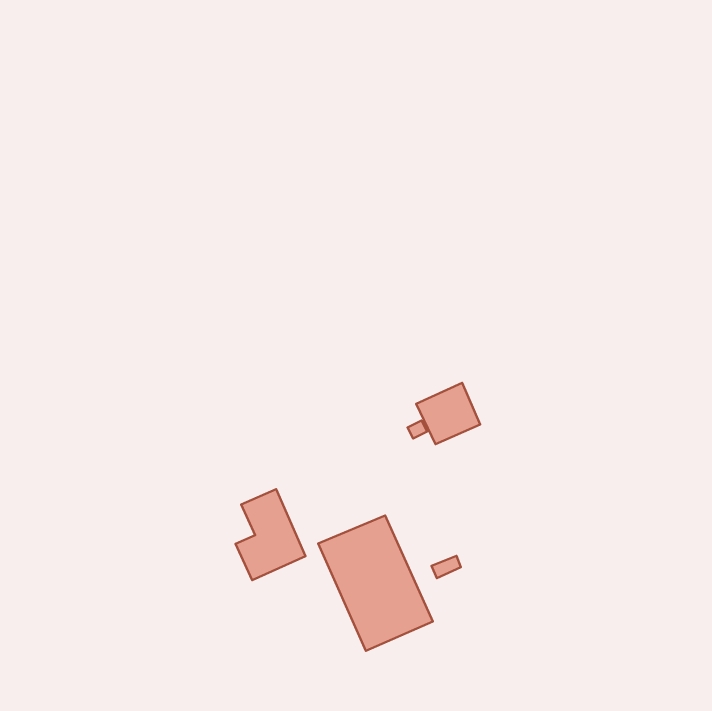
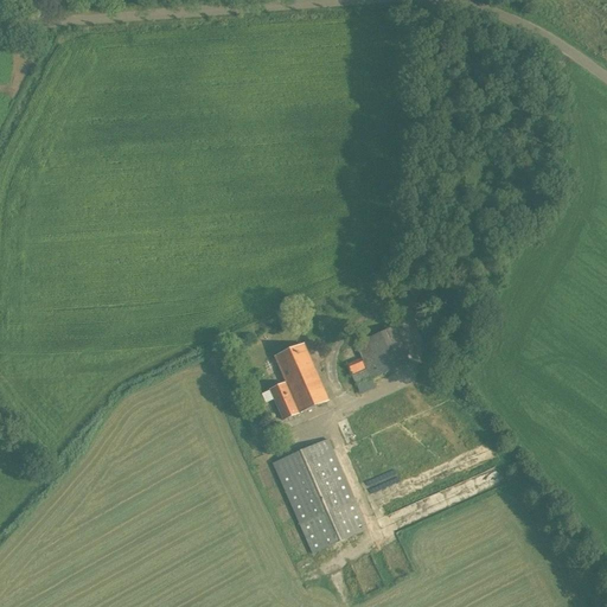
building: [236,489,305,580] -> [268,341,327,418]

